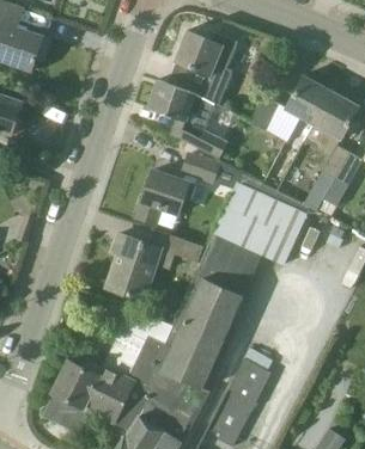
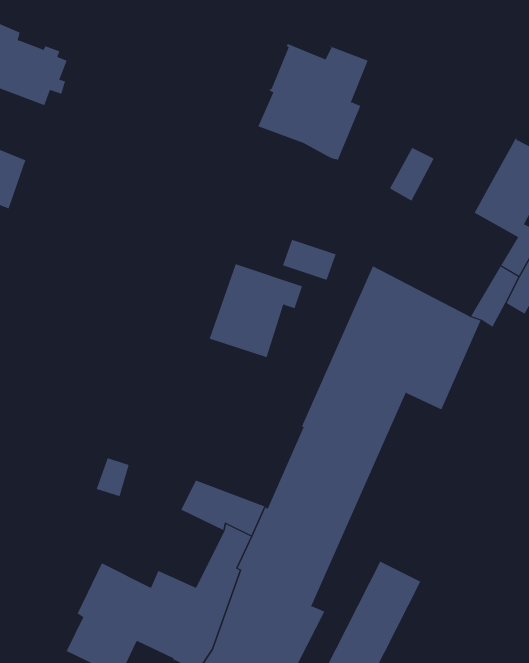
building: [285,75,331,125] -> none
building: [148,80,230,158] -> none
building: [108,233,203,300] -> none

